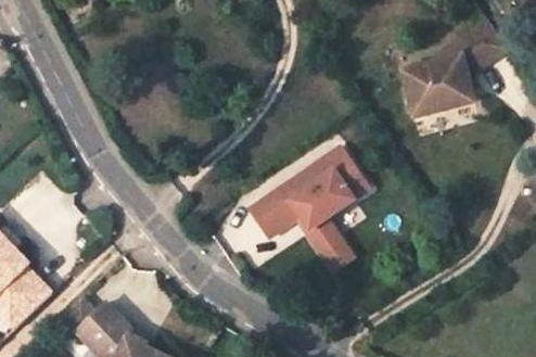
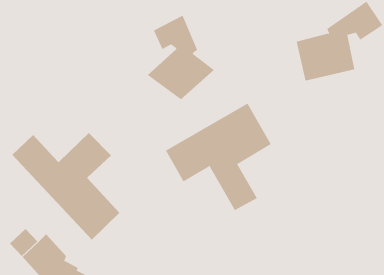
building: none -> [147,15,215,100]
building: none -> [11,132,120,240]

